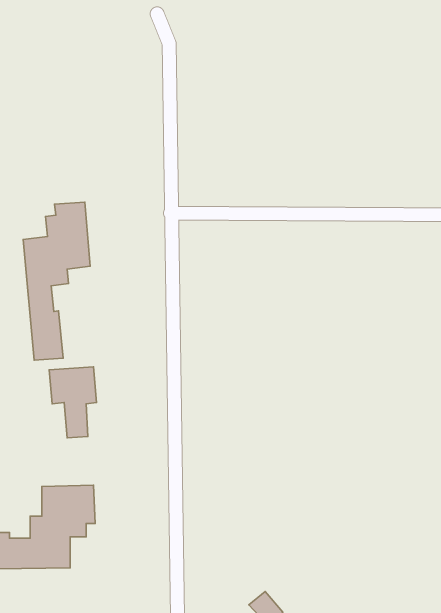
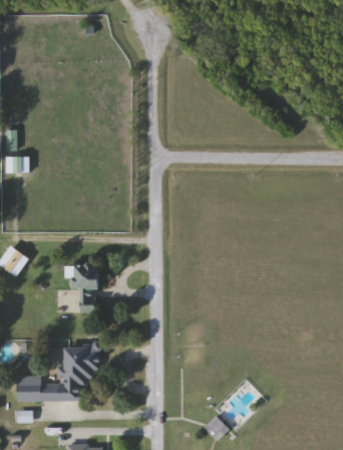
building: [23,202,90,360] -> none

